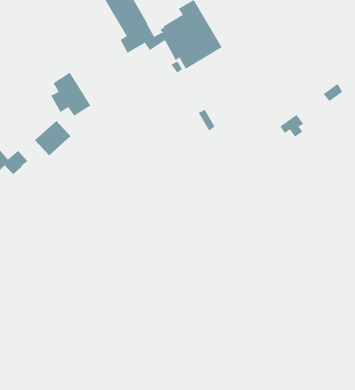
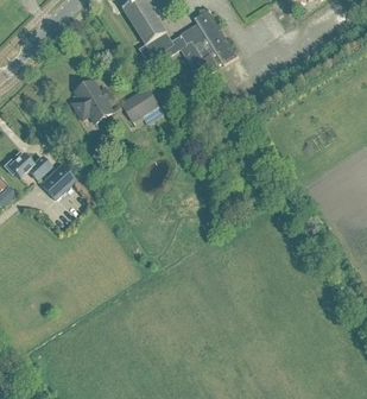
building: none -> [120,87,156,119]
building: [34,120,71,156] -> [39,163,75,197]

